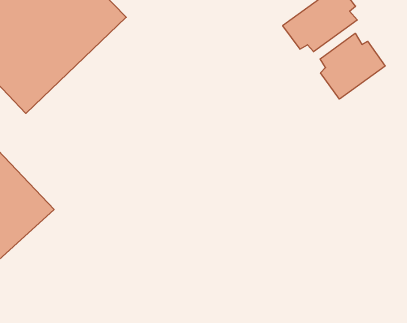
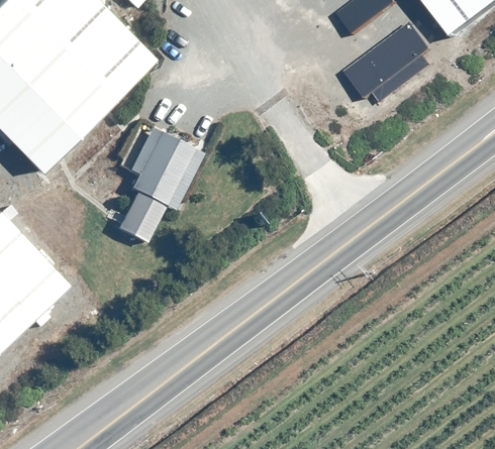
building: [320,33,385,99] -> none
building: none -> [119,127,206,242]

